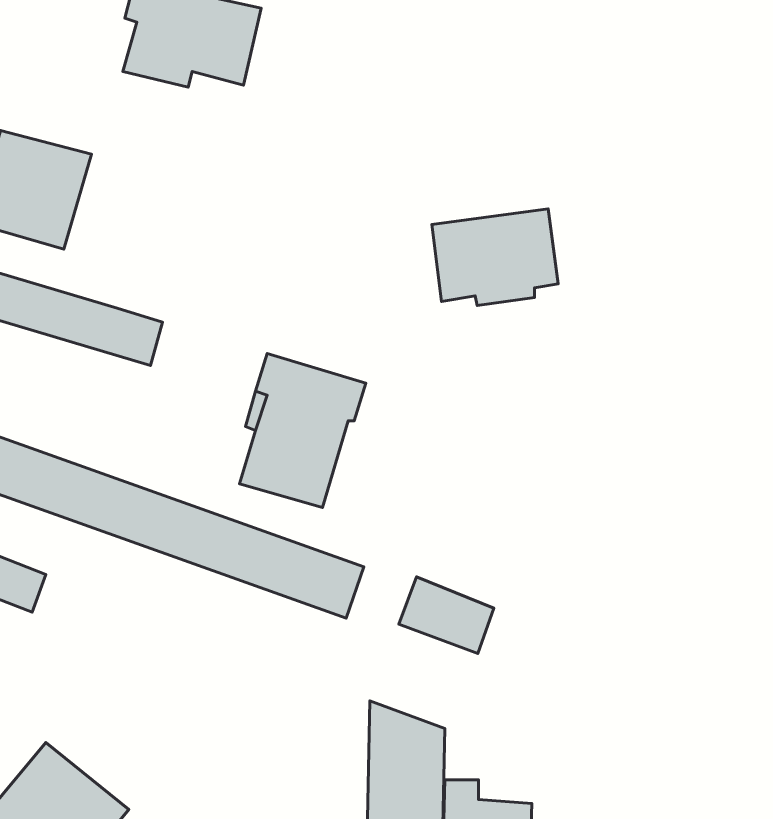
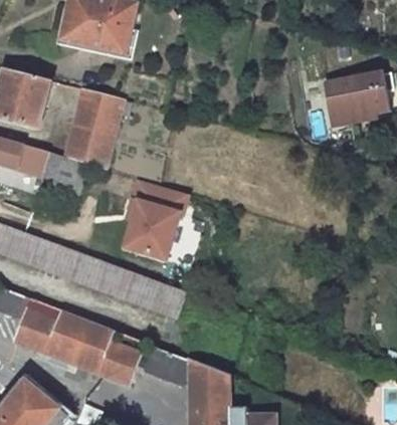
building: none -> [62,89,121,172]
building: [432,209,558,306] -> [325,73,389,123]
building: [399,577,494,654] -> [143,344,191,383]
building: none -> [15,308,139,385]

